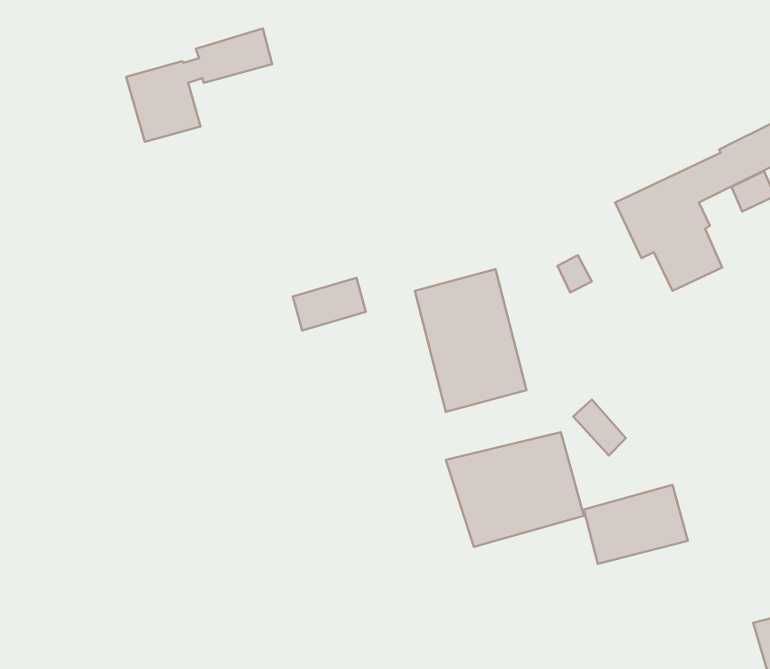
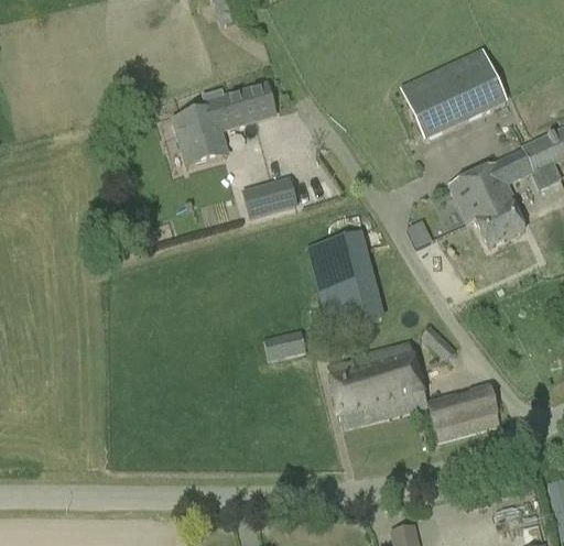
building: none -> [400,47,508,140]
building: [126,29,272,142] -> [173,85,276,165]
building: [293,278,366,331] -> [243,179,295,217]
building: none -> [264,329,303,360]

